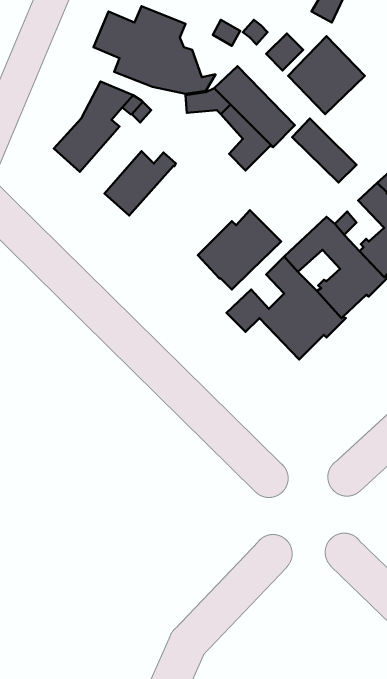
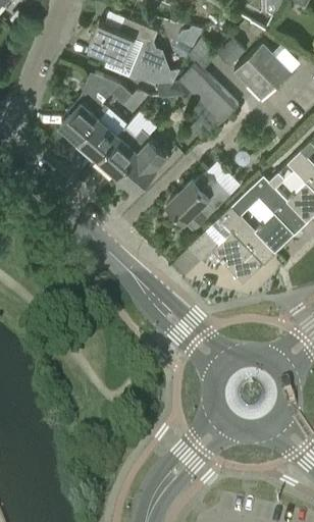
building: [292,118,356,183] -> none
building: none -> [80,108,127,158]
building: none -> [116,138,171,191]

